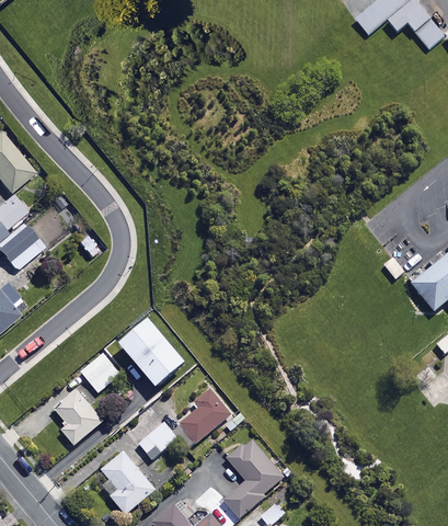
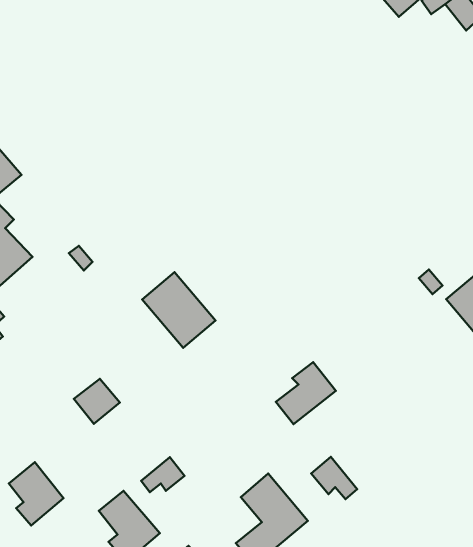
building: [124,322,188,389] -> [142,272,216,348]
building: [183,387,236,442] -> [276,362,336,424]
building: [56,389,104,445] -> [9,462,64,526]
building: none -> [311,457,357,499]

